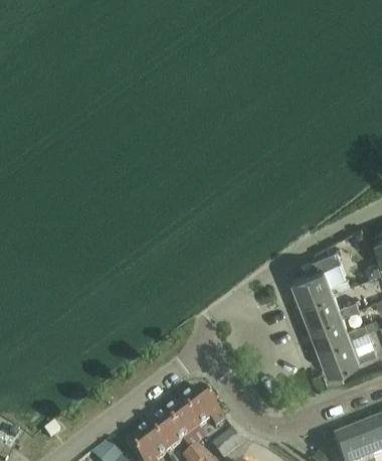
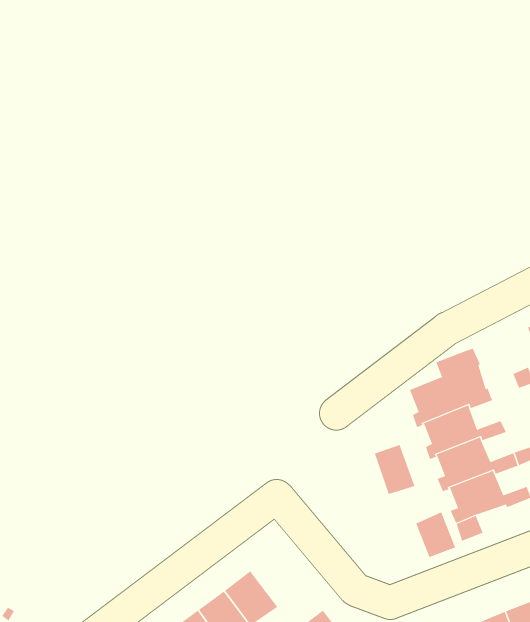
building: none -> [374,444,415,495]
building: none -> [416,511,456,558]
building: [182,387,225,426] -> none

